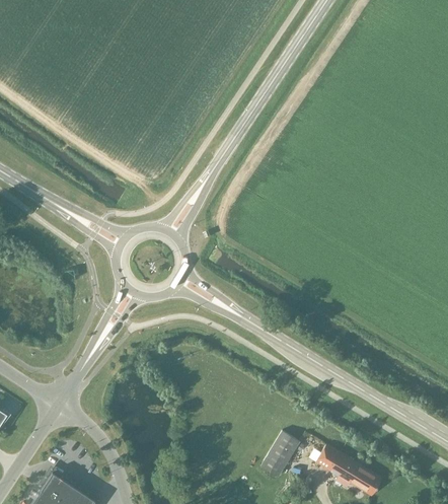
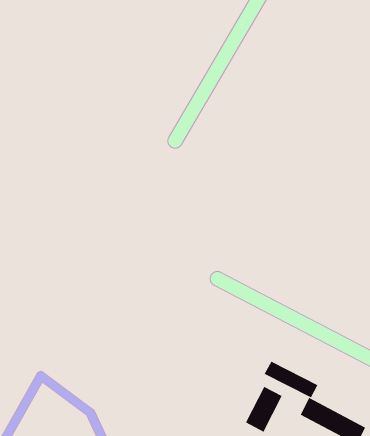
building: none -> [264,361,318,398]

